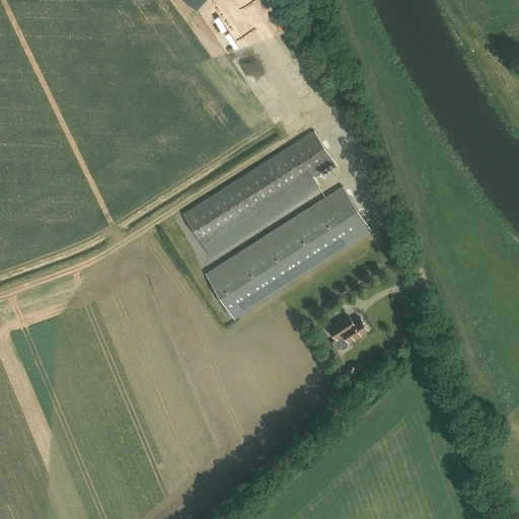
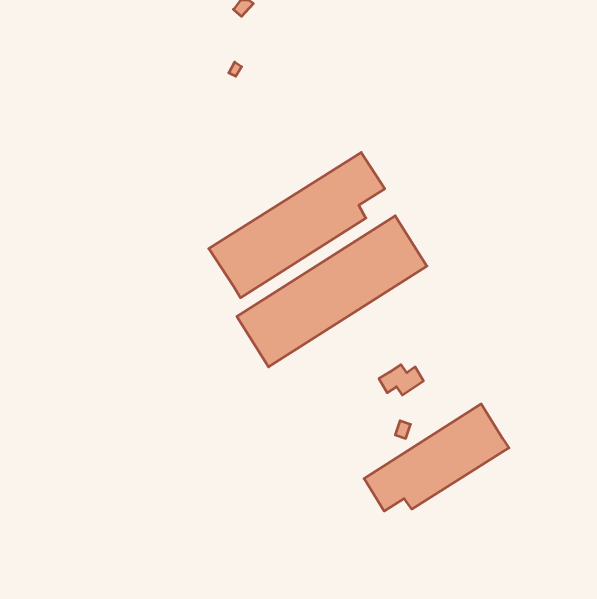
building: none -> [364,404,509,511]

